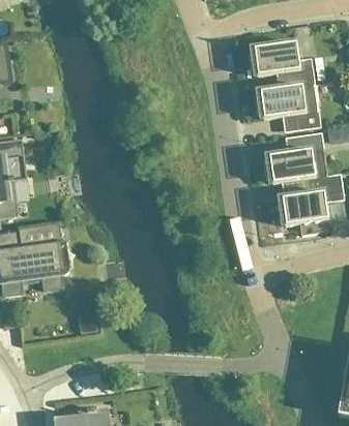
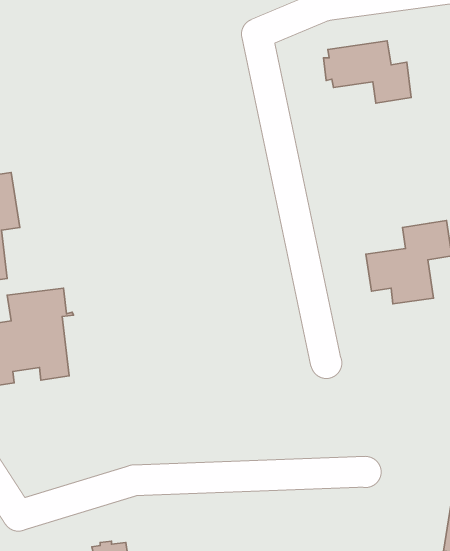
building: [255,83,319,130] -> none
building: [264,131,326,183] -> none

